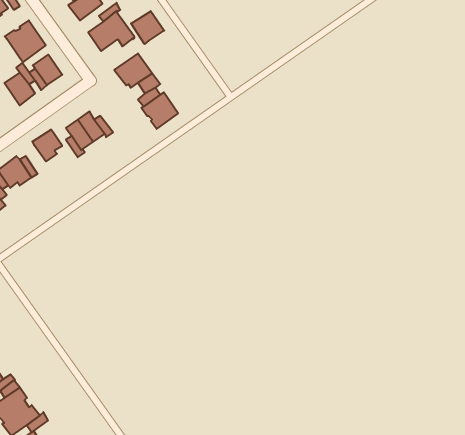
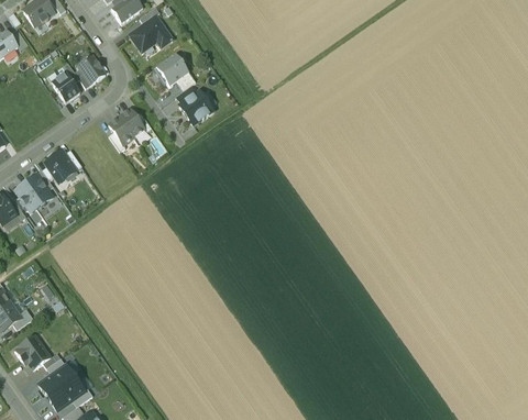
building: [131,11,164,44] -> none
building: [5,20,46,62] -> none
building: [32,129,62,161] -> none

